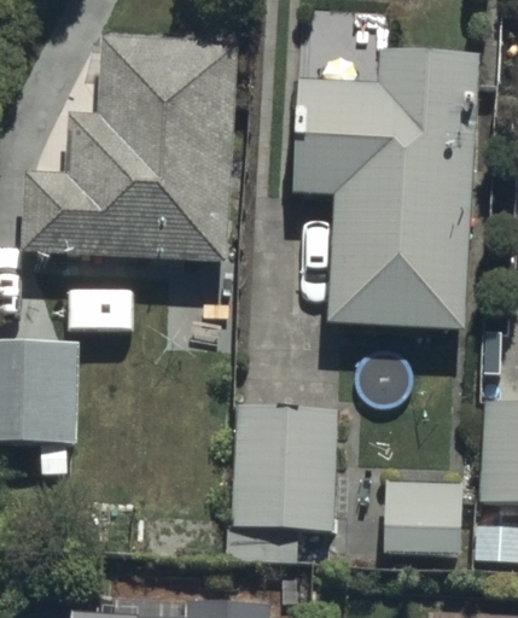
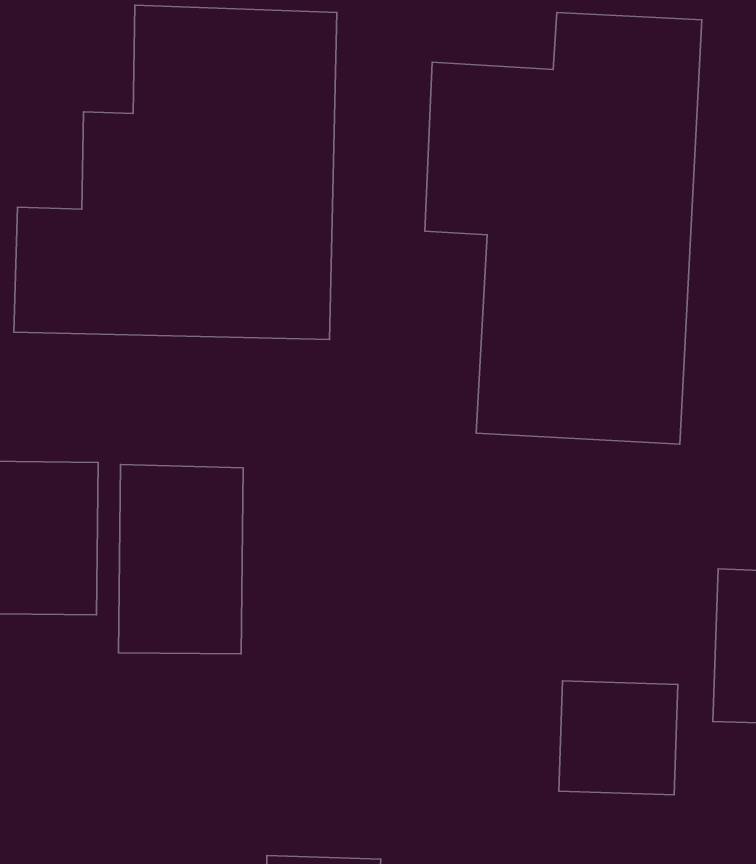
building: none -> [119,464,243,654]
building: [228,406,341,564] -> none

